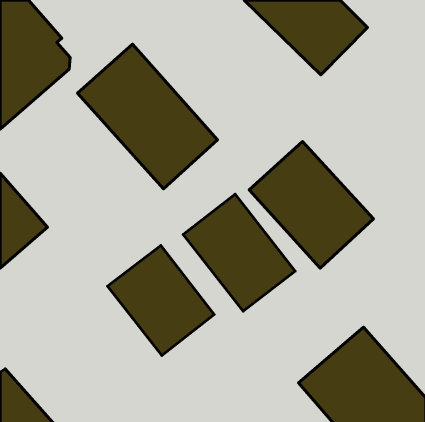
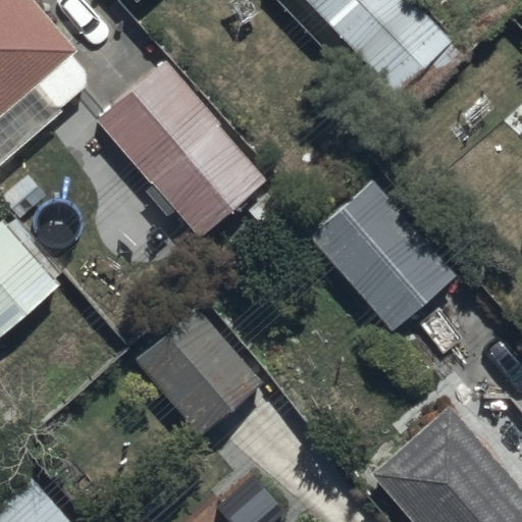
building: [183,194,295,311] -> none

